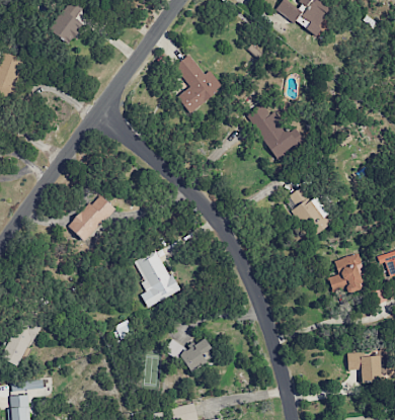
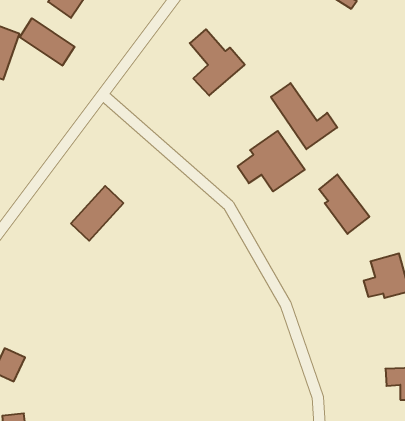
building: none -> [20,18,75,66]
building: none -> [238,131,305,191]
building: [134,250,177,307] -> none
building: [165,339,211,370] -> none

